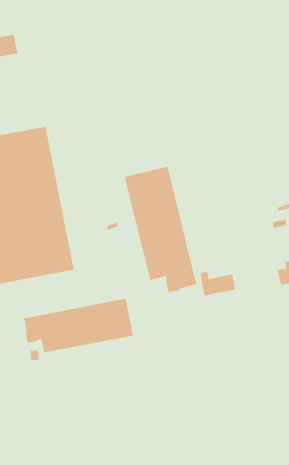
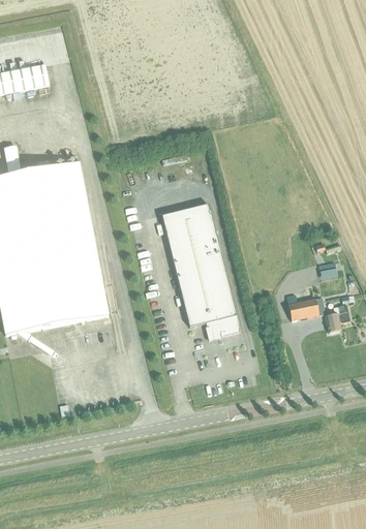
building: [200,271,236,296] -> [286,292,325,319]
building: [24,298,134,353] -> none

